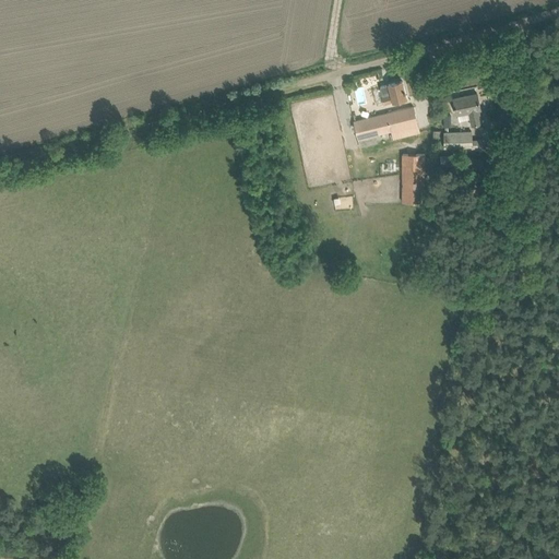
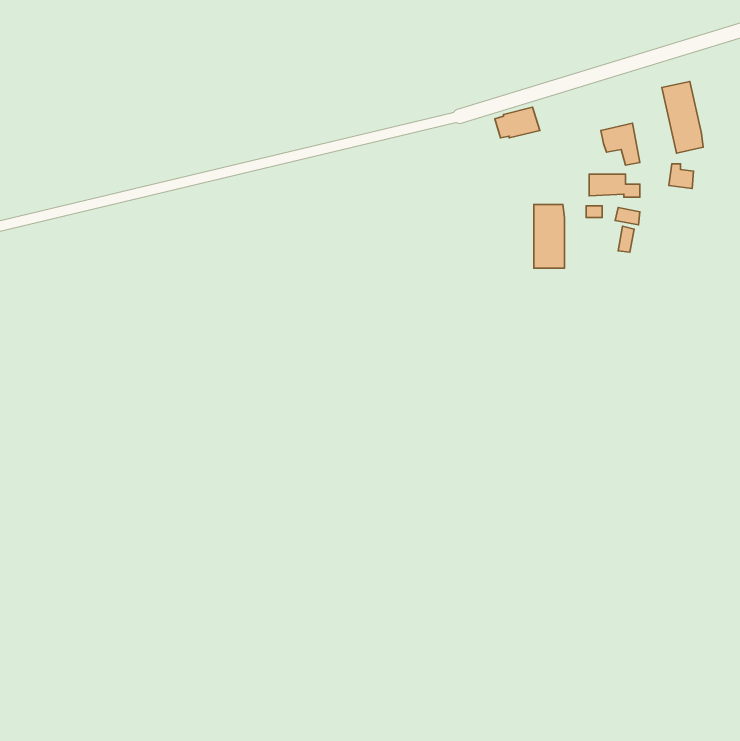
building: none -> [662,81,703,153]
building: [353,107,419,139] -> none

